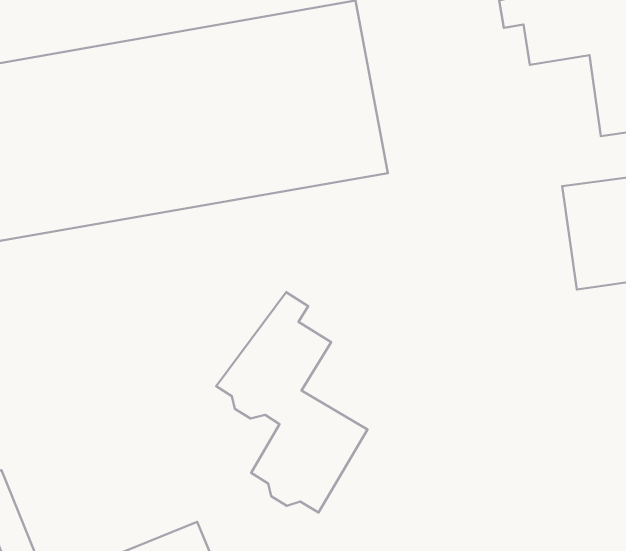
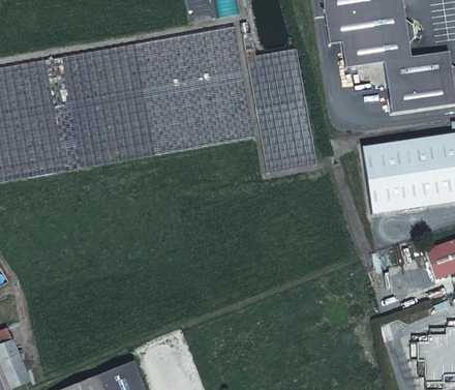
building: none -> [243,32,316,173]
building: [216,292,368,512] -> none

